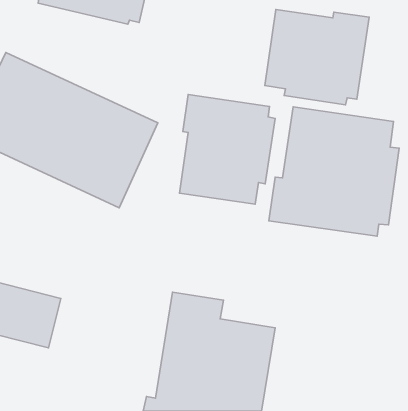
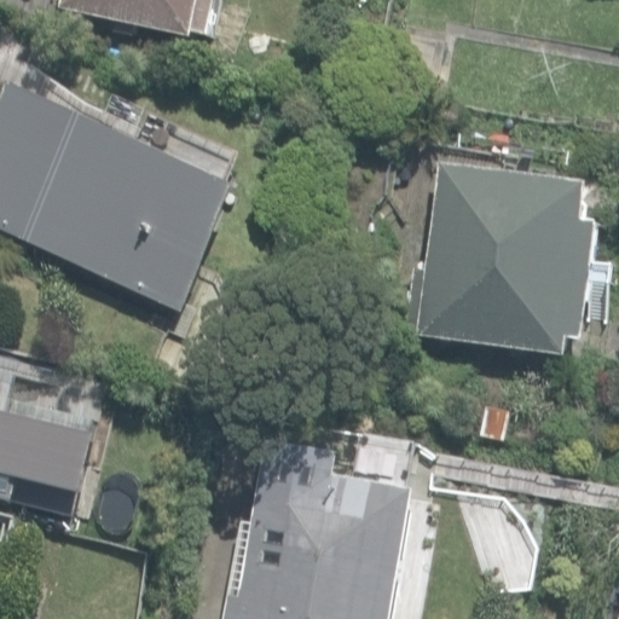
building: [265,10,369,105] -> none
building: [179,94,275,204] -> none

